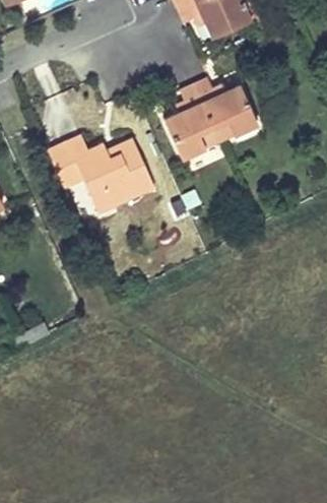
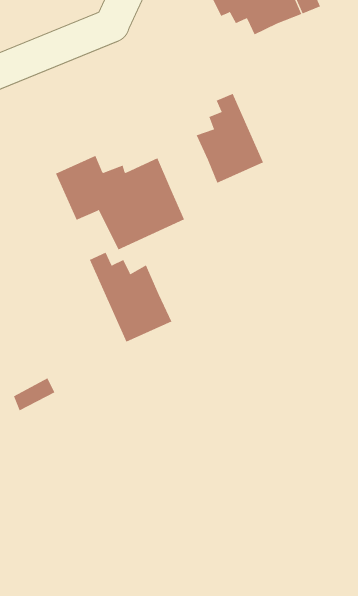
building: [194,78,258,141] -> none
building: none -> [89,252,172,342]

